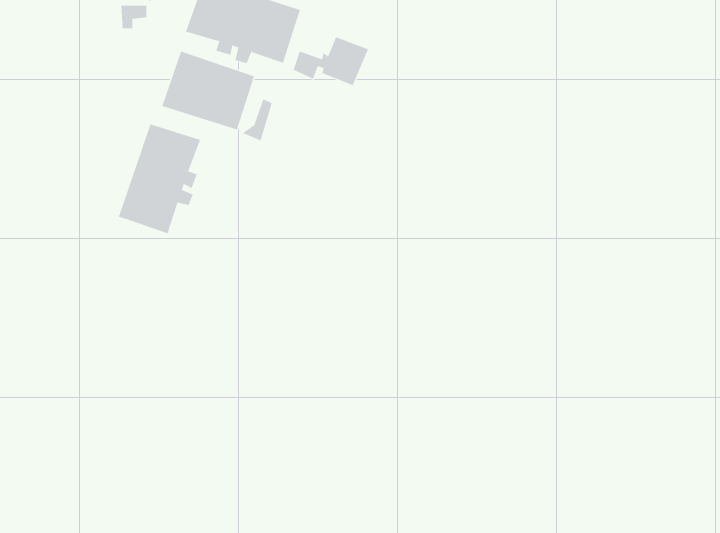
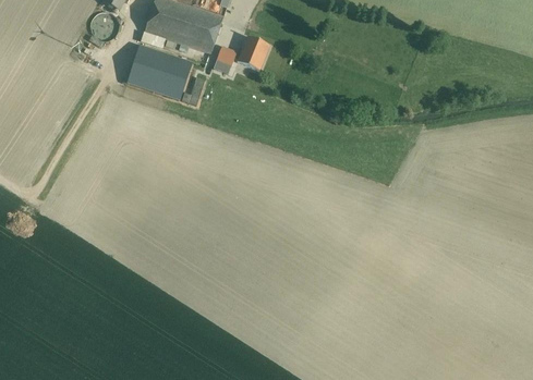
building: [118,124,201,234] -> none

